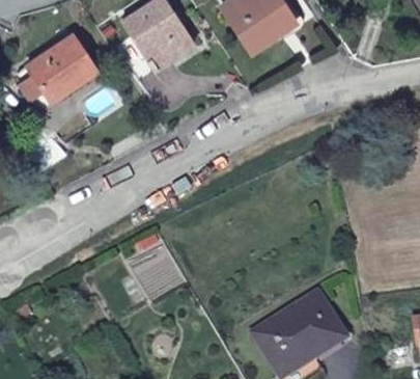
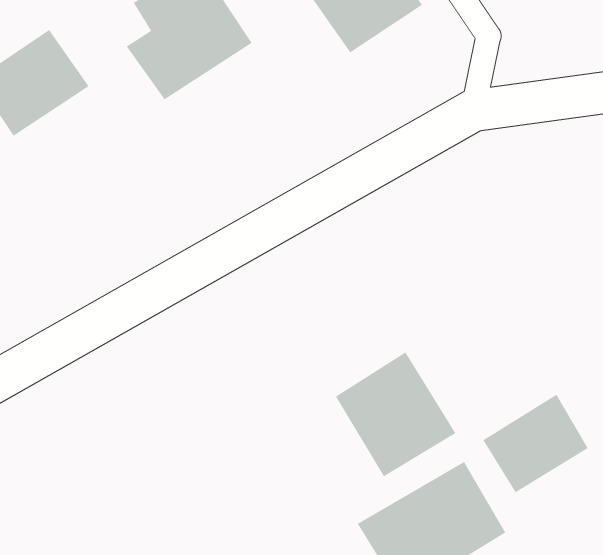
building: none -> [335,352,456,477]
building: none -> [483,394,589,493]

